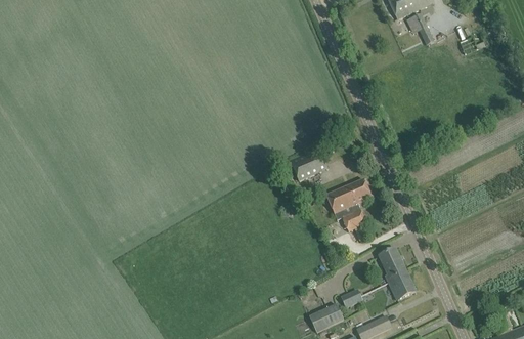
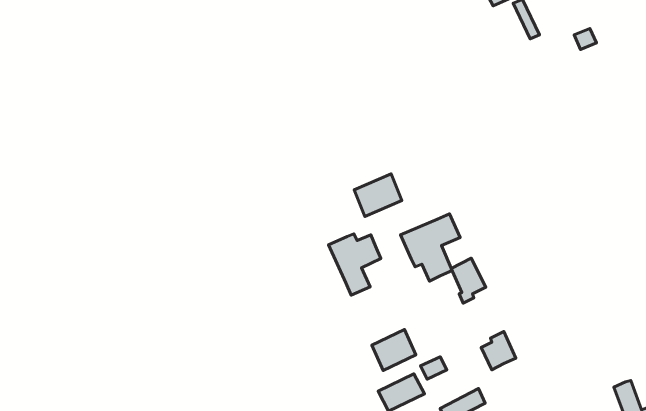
building: none -> [328,234,381,295]
building: [379,247,405,282] -> [451,258,486,303]
building: none -> [372,329,416,370]

